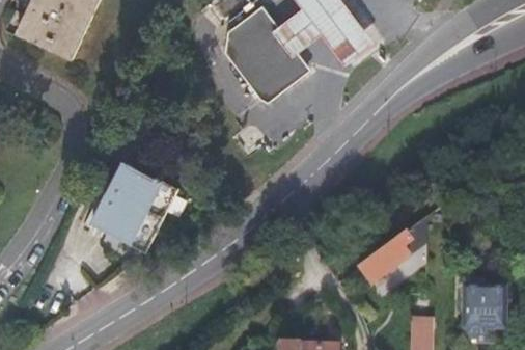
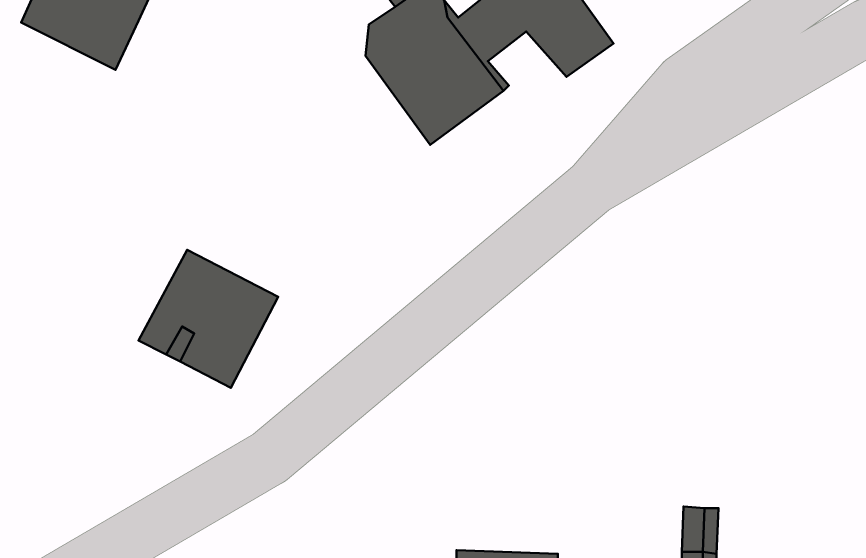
building: [359,232,410,284] -> none
building: [464,288,504,342] -> none

